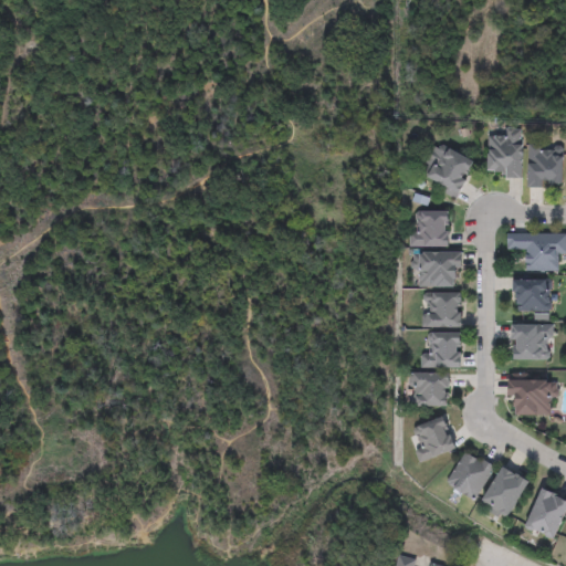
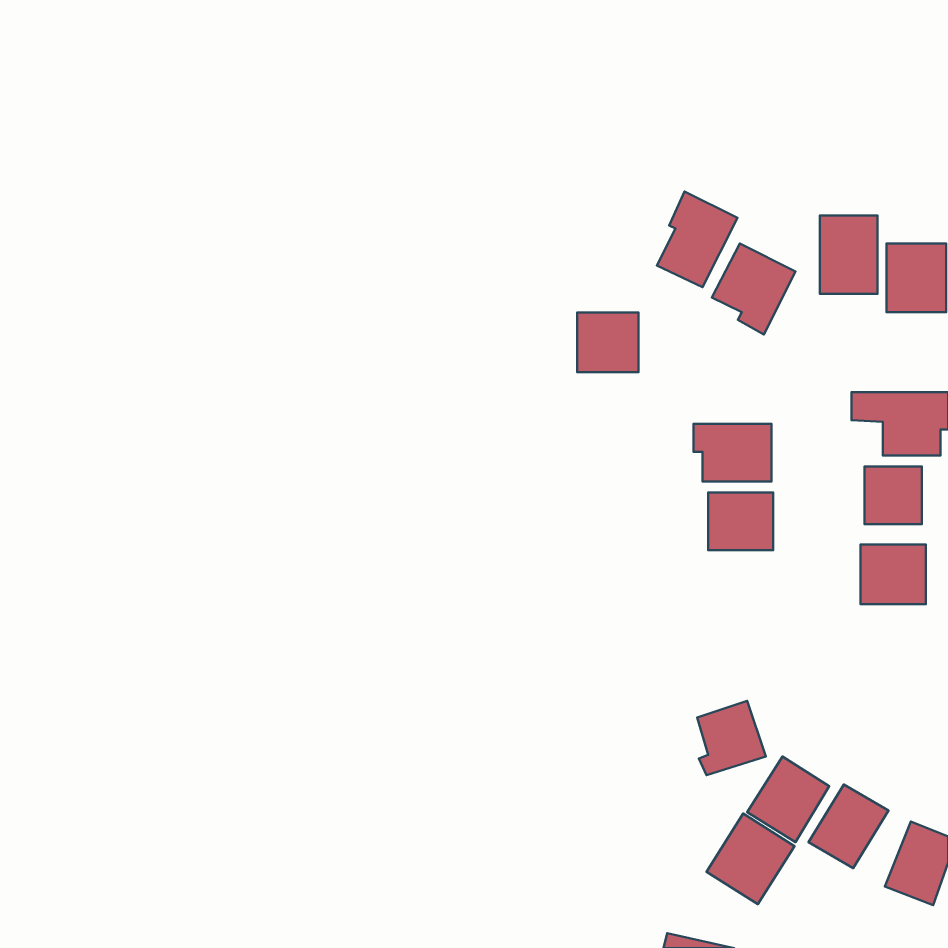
building: none -> [657,191,737,287]
building: [411,211,448,247] -> [577,313,639,372]
building: [427,333,460,368] -> none
building: [411,373,449,407] -> none
building: [511,379,551,416] -> none
building: none -> [706,814,795,904]

